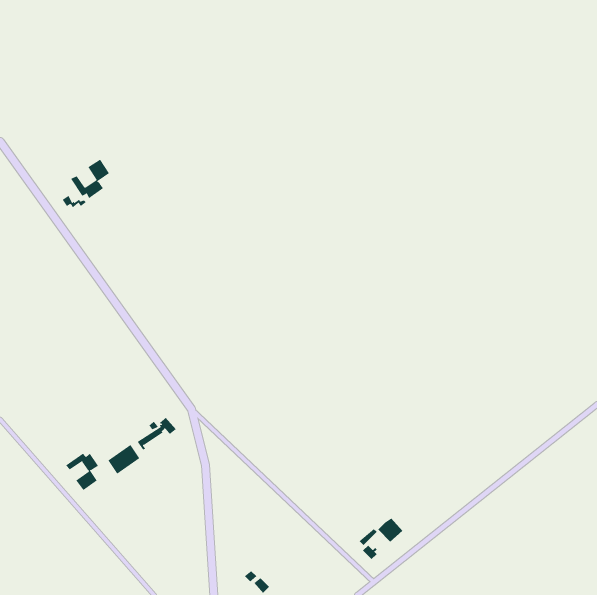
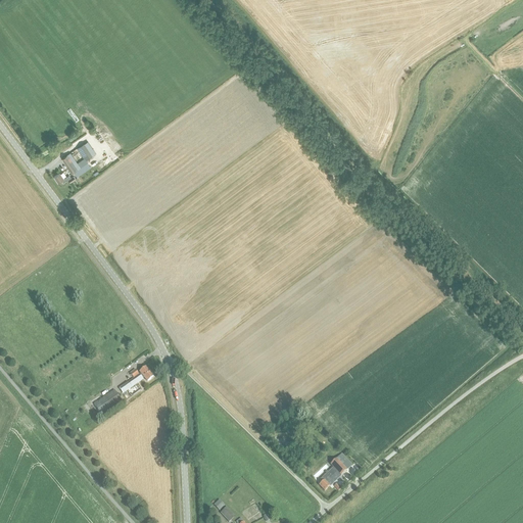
building: [65,453,99,491] -> none

